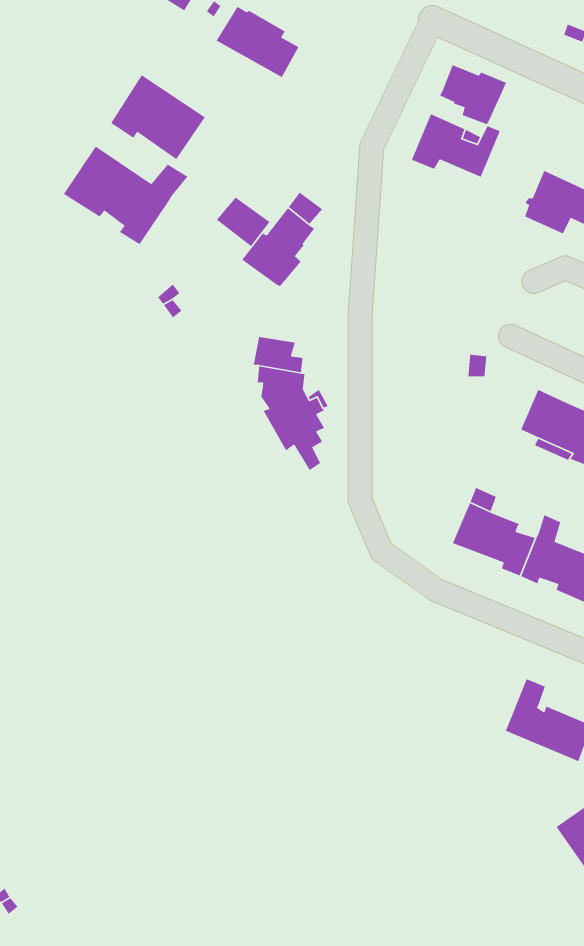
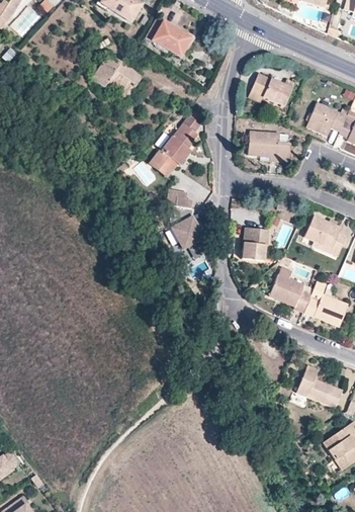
building: [439,64,507,125] -> none
building: [63,145,189,245] -> none
building: [216,196,271,247] -> [150,149,178,175]
building: none -> [248,132,290,162]
building: none -> [241,228,269,261]

